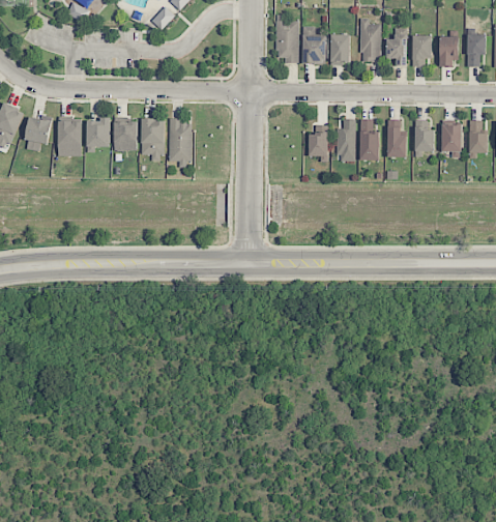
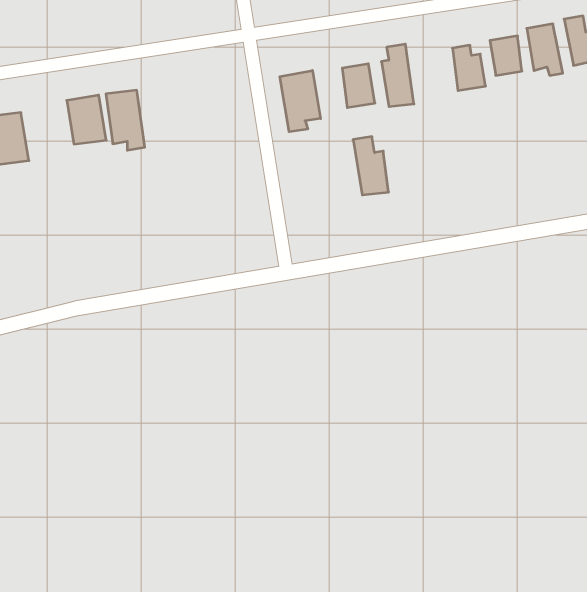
building: [168,118,192,165] -> none
building: [86,119,110,146] -> none
building: [359,120,379,161] -> [353,137,389,195]
building: none -> [280,70,321,132]

